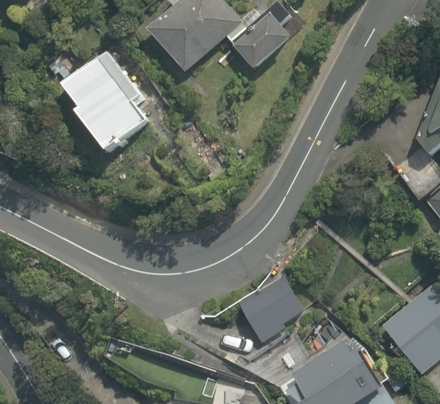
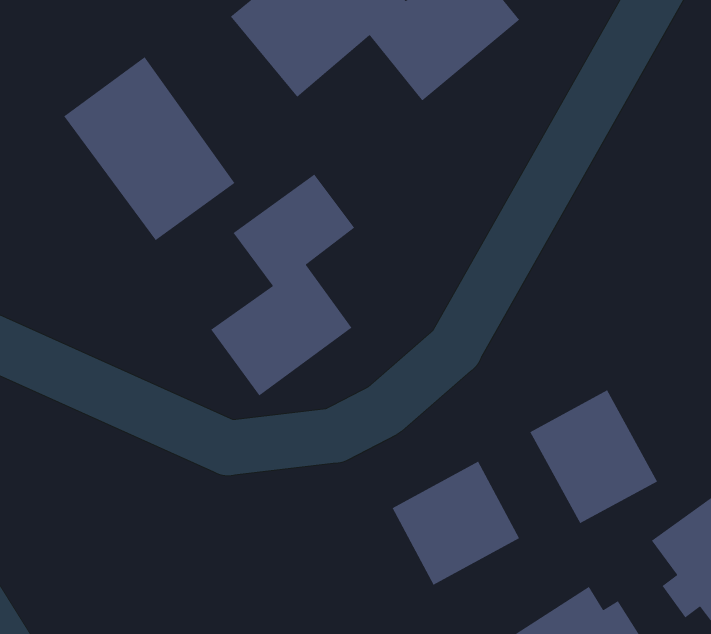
building: none -> [210,173,355,396]
building: none -> [529,389,658,524]

